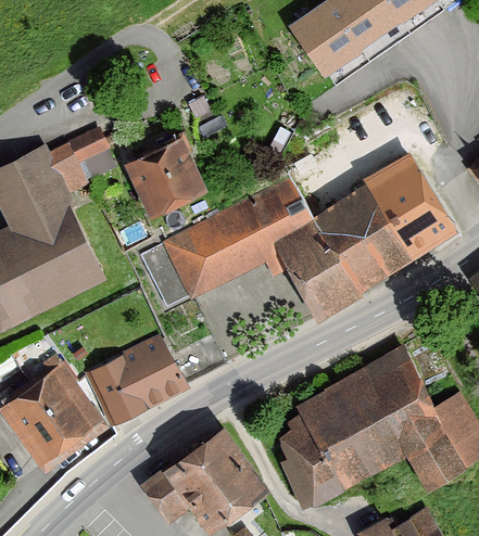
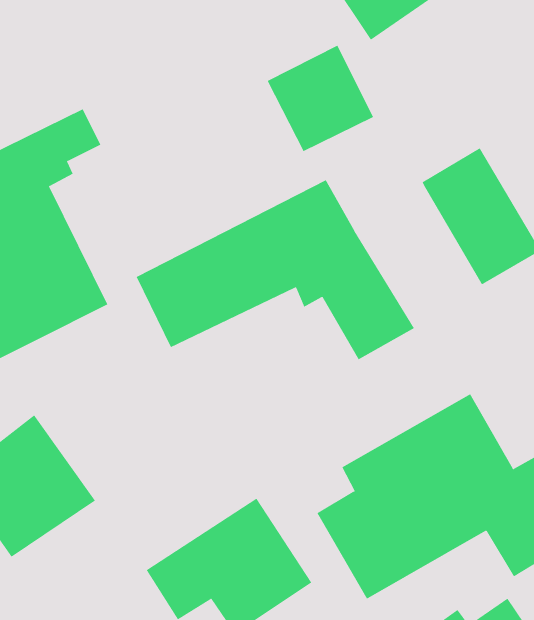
building: [131,136,215,219] -> [267,45,374,152]
building: [307,186,406,295] -> none
building: [80,335,184,425] -> none

